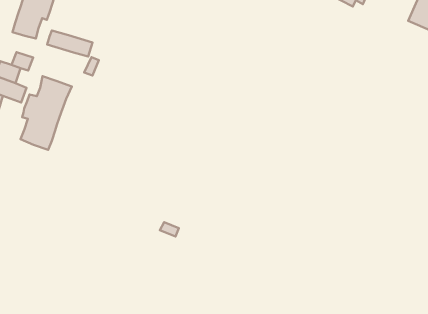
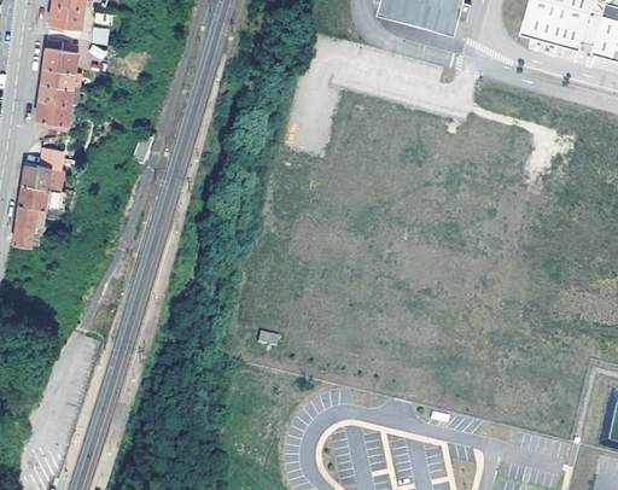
building: [47,30,93,56] -> none
building: [20,76,72,150] -> none

